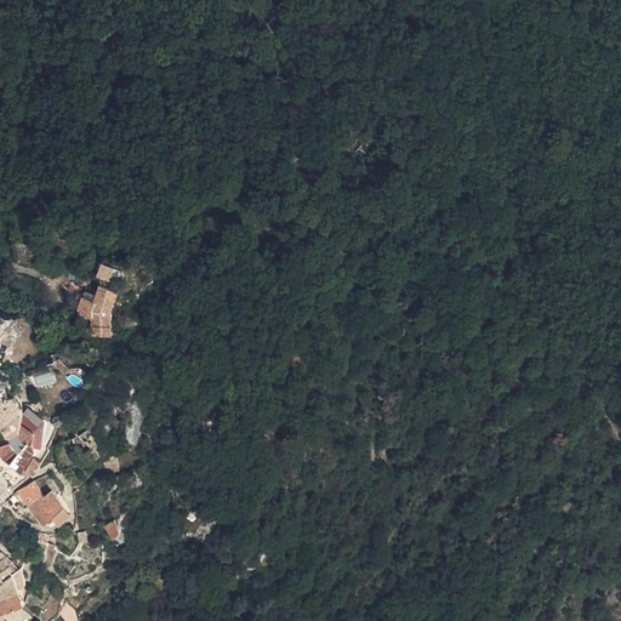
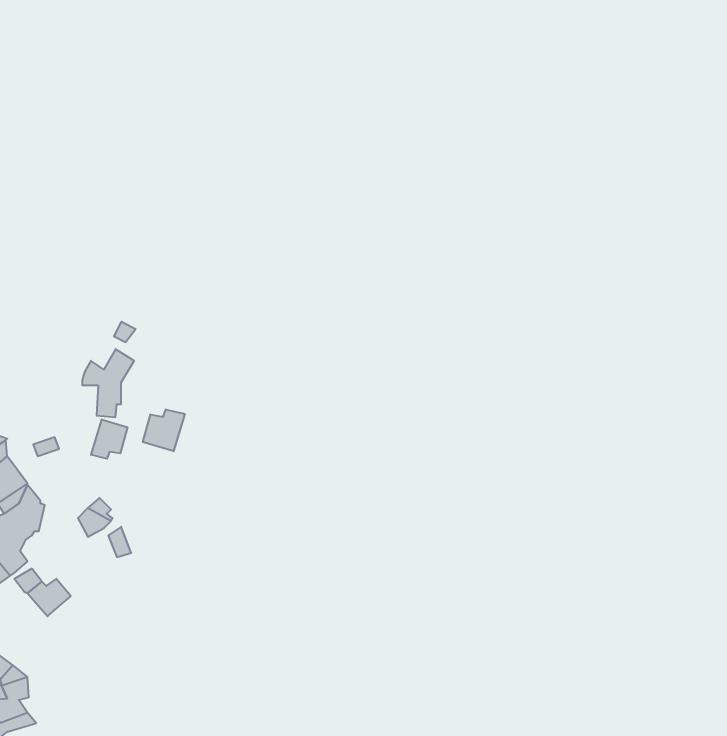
building: none -> [143,409,185,451]
building: none -> [91,419,128,459]

